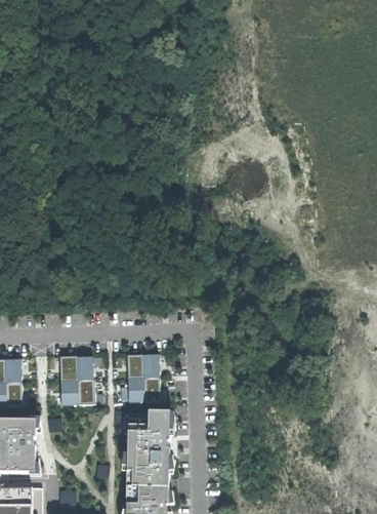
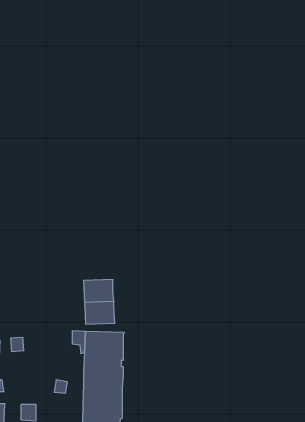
building: [59,356,95,405] -> none

